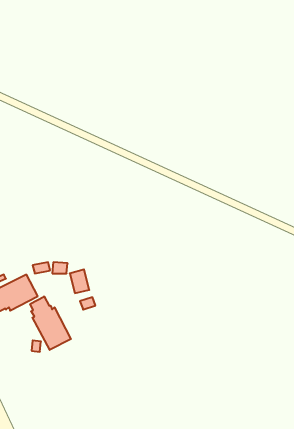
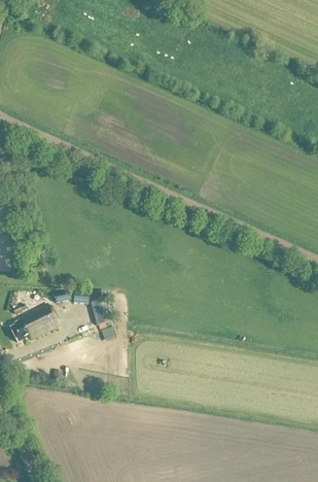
building: [30,296,71,350] -> none

